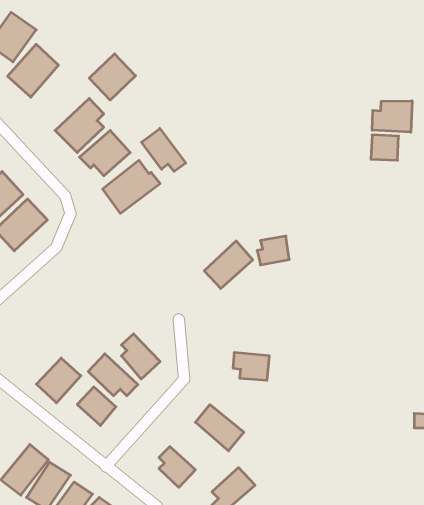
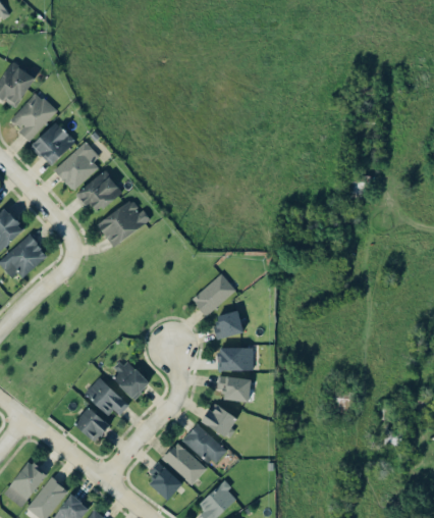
building: [89,54,136,100] -> [33,122,75,165]
building: [372,101,412,132] -> none
building: [142,128,186,171] -> none
building: [257,236,289,265] -> [213,312,242,339]
building: none -> [217,348,253,371]
building: [36,358,81,403] -> none
building: none -> [202,404,237,437]
building: none -> [162,443,206,485]

